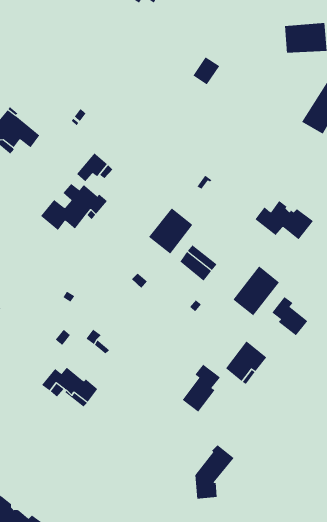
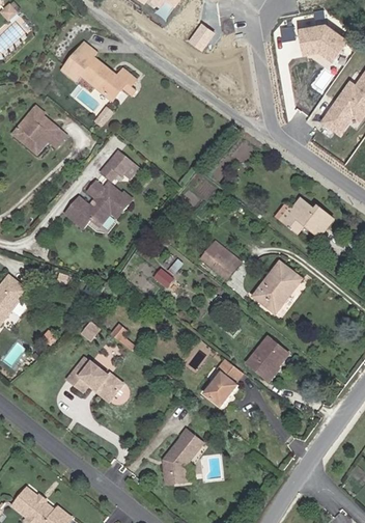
building: none -> [62,43,135,100]
building: [193,57,220,85] -> [189,21,216,49]
building: [148,208,193,255] -> none
building: [271,296,308,336] -> none
building: [194,444,235,499] -> [163,430,202,484]

